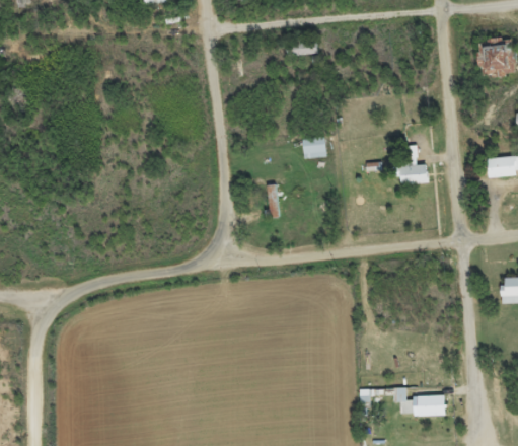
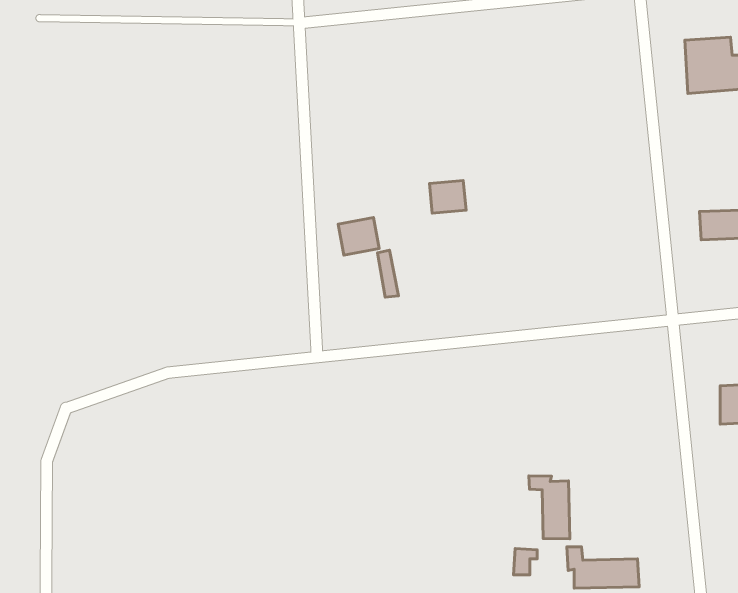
building: none -> [338,217,379,255]
building: [398,164,427,183] -> none
building: none -> [529,476,570,539]

